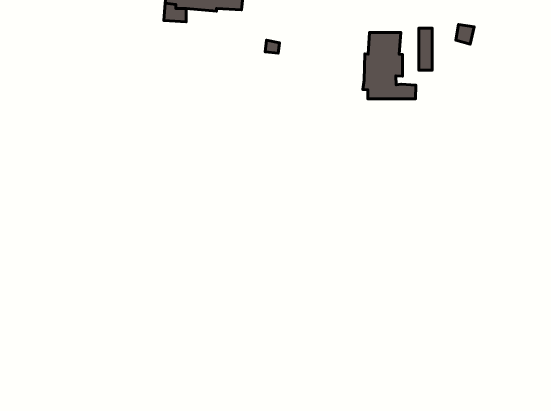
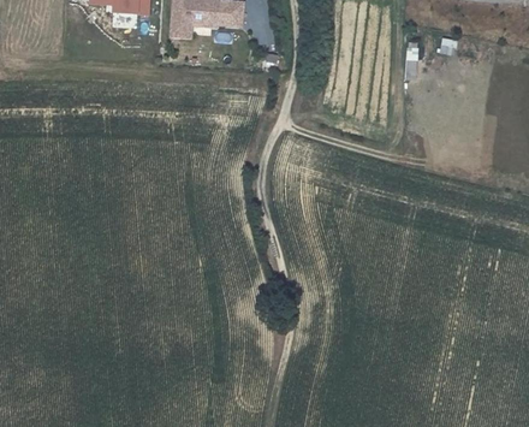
building: [363,33,416,99] -> none

